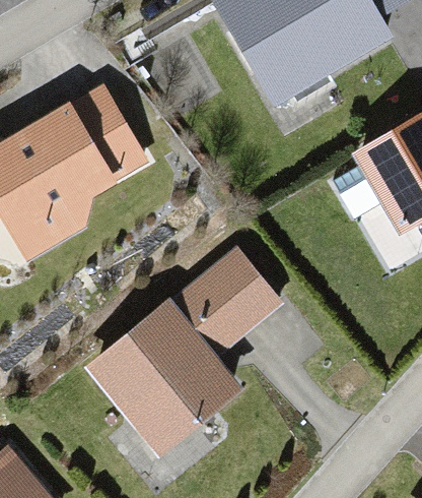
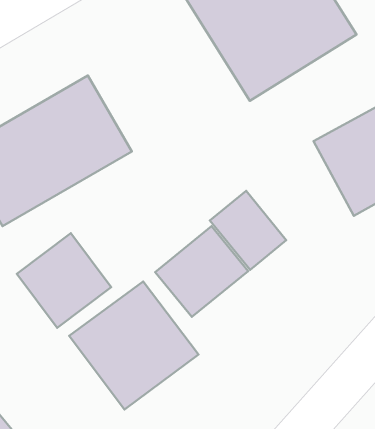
building: none -> [210,191,286,270]
building: none -> [17,233,111,328]

